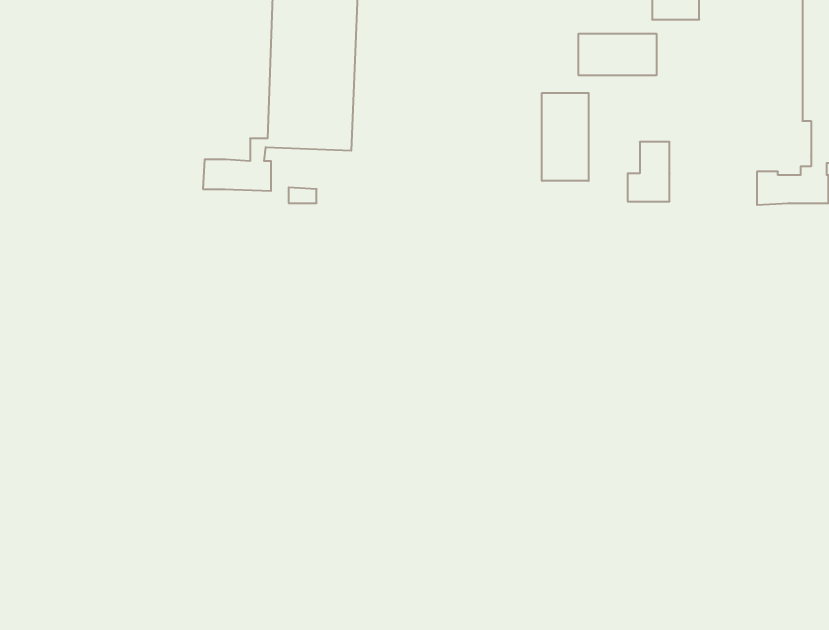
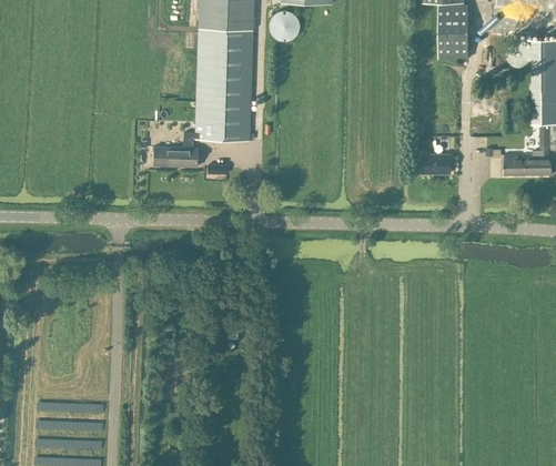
building: [579,34,656,75] -> none
building: [542,93,589,181] -> none

